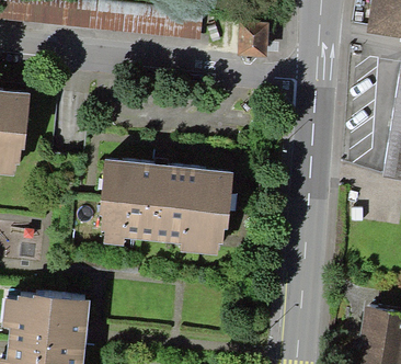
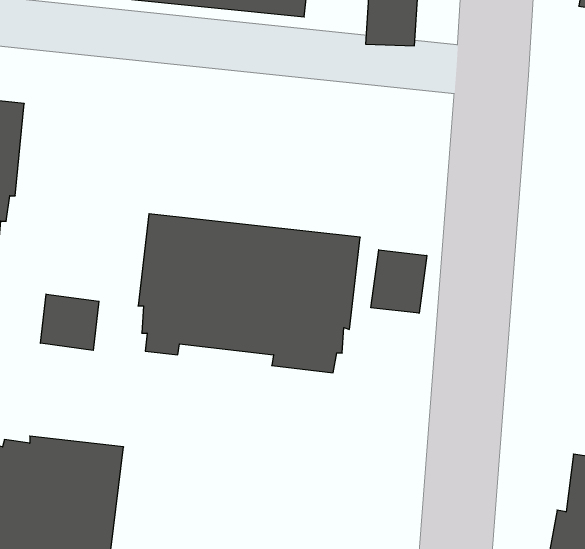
building: none -> [371,250,427,313]
building: none -> [40,294,99,350]

